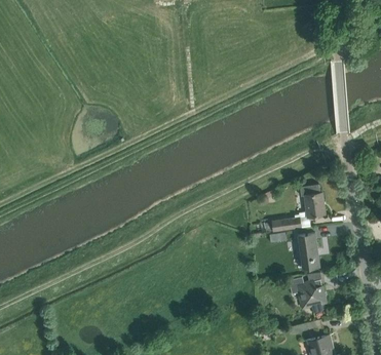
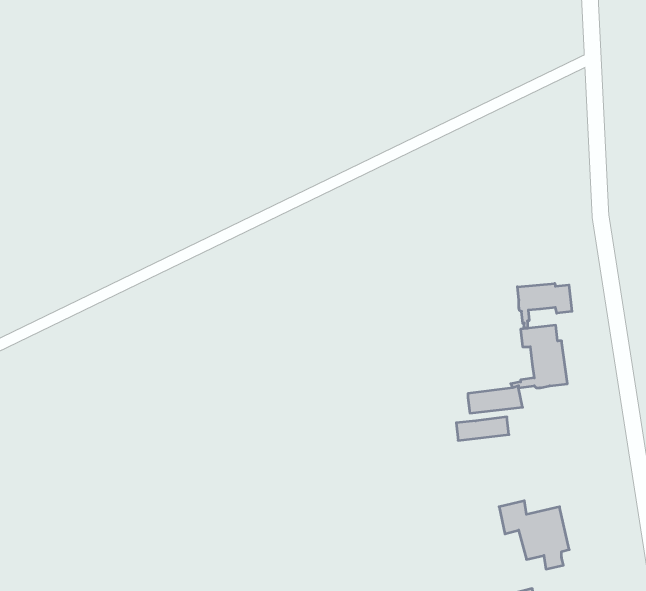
building: none -> [517,283,572,328]
building: [298,233,319,269] -> none

